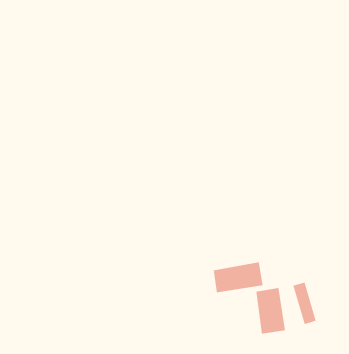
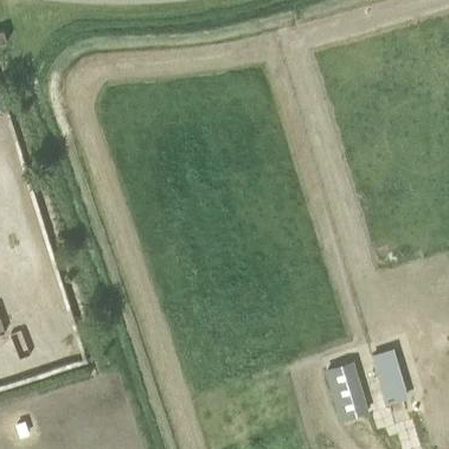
building: [213,262,263,293] -> none

